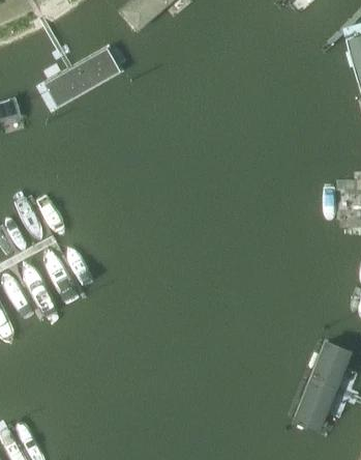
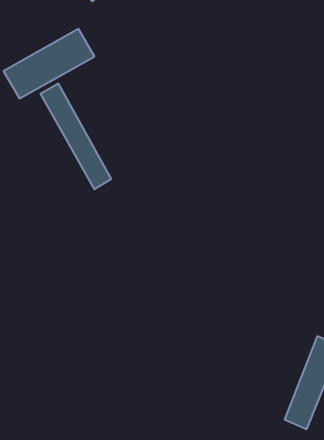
building: none -> [41,83,111,189]

